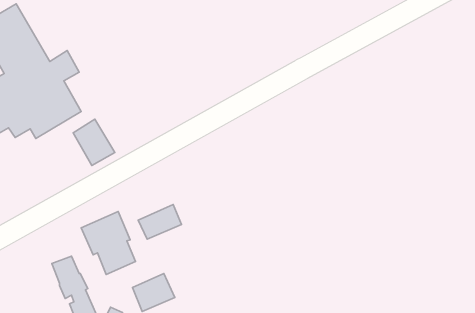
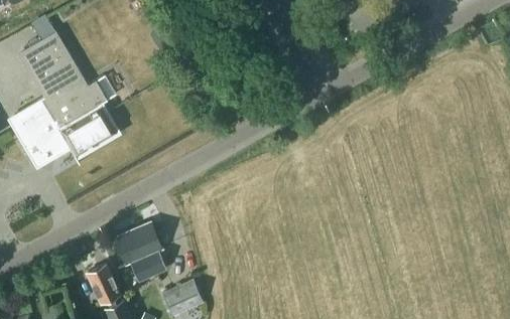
building: [73,119,115,165] -> none
building: [138,205,181,239] -> none

